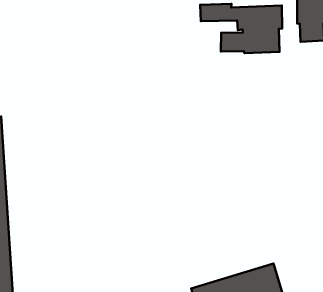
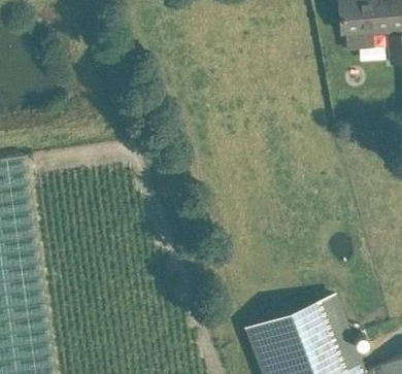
building: [200,4,282,53] -> none

